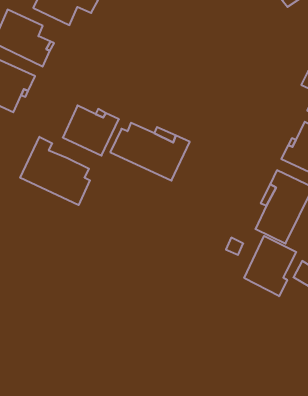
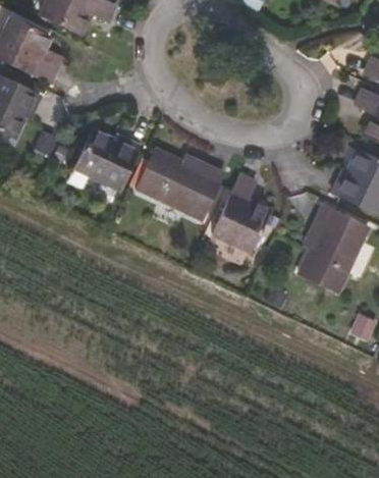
building: [20,137,90,205] -> none
building: none -> [213,174,270,251]
building: [244,236,296,296] -> none

